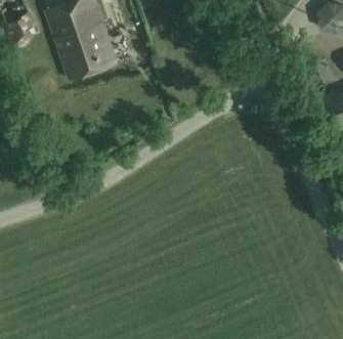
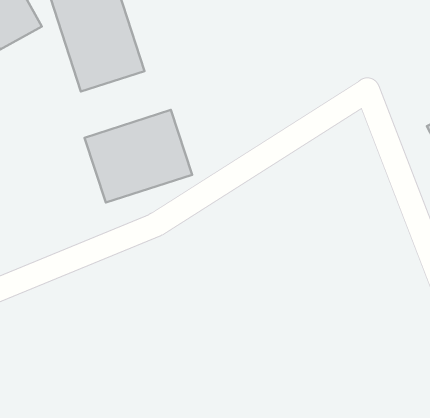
building: none -> [85,110,192,203]

